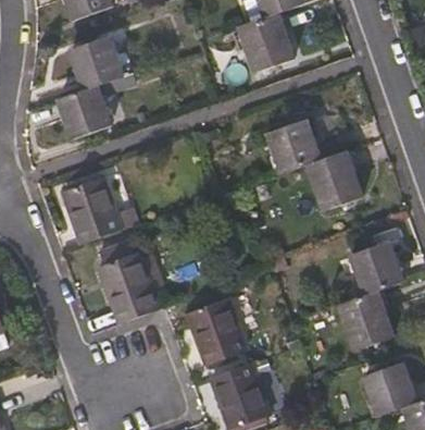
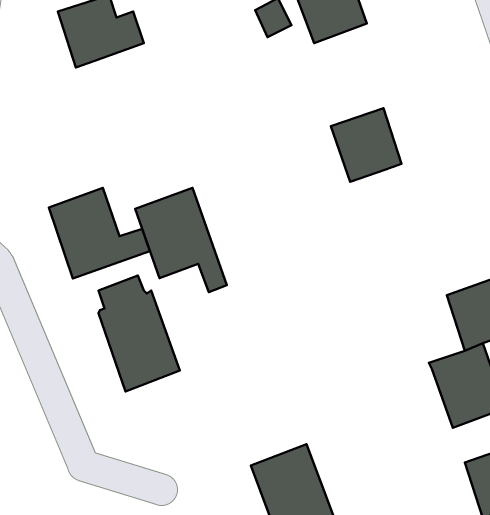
building: [59,86,111,139] -> none
building: [307,151,361,211] -> none
building: none -> [135,188,227,292]
building: [188,299,245,365] -> none

